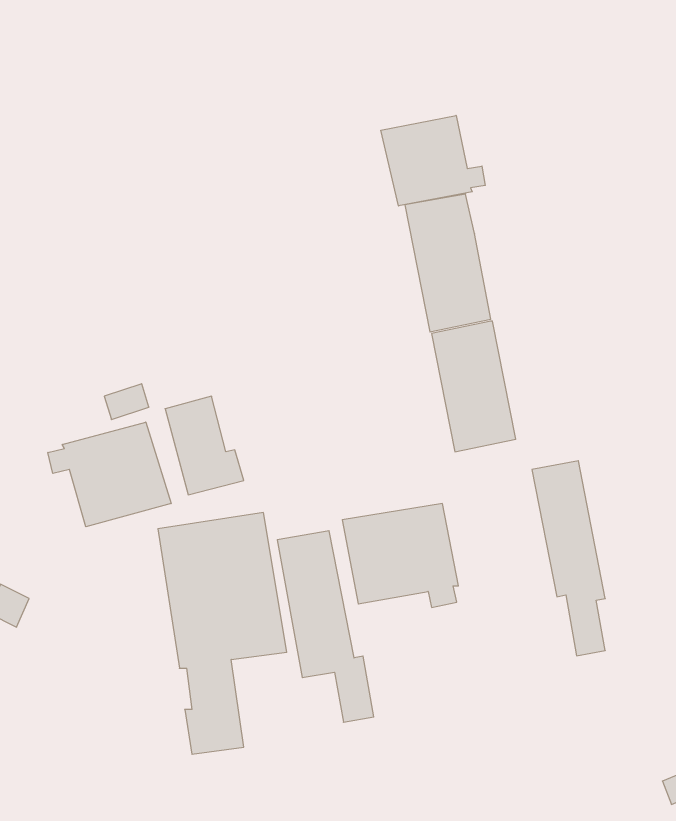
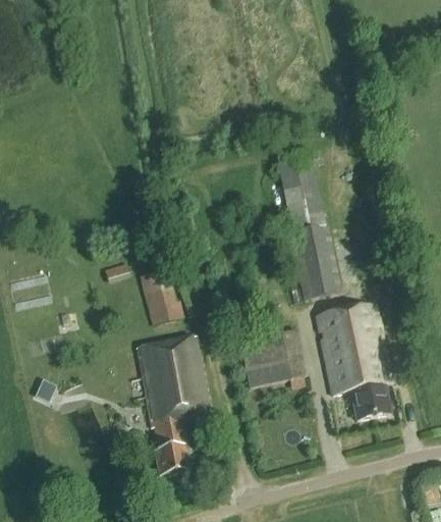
building: [381,115,485,206] -> none
building: [48,422,171,527] -> none
building: [277,531,374,722] -> [320,311,375,420]

